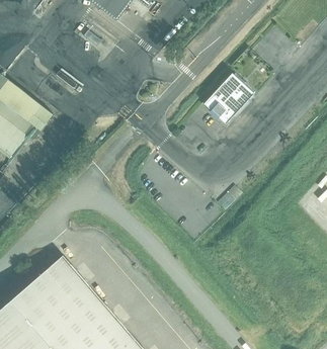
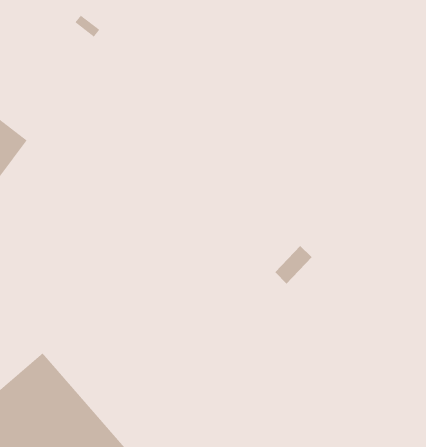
building: [205,75,254,124] -> none

